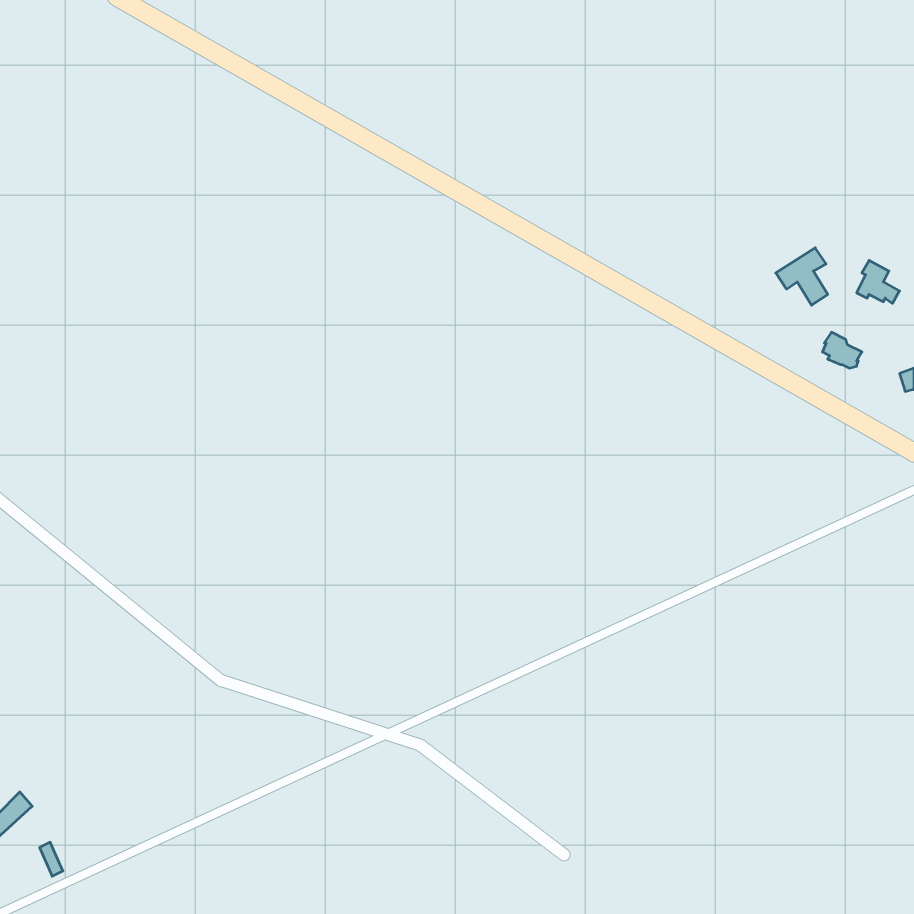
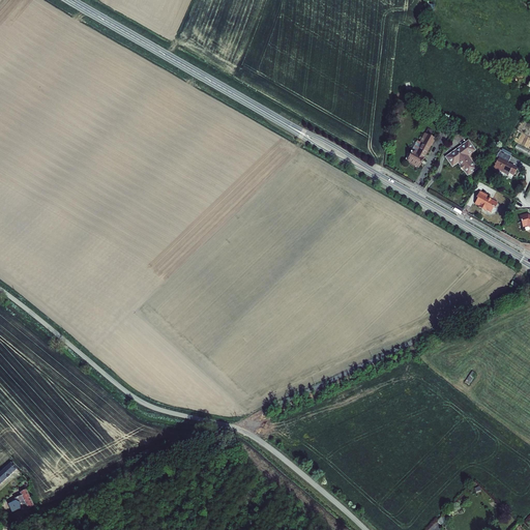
building: none -> [404,134,433,168]

